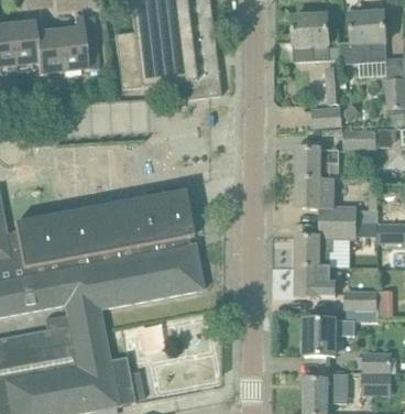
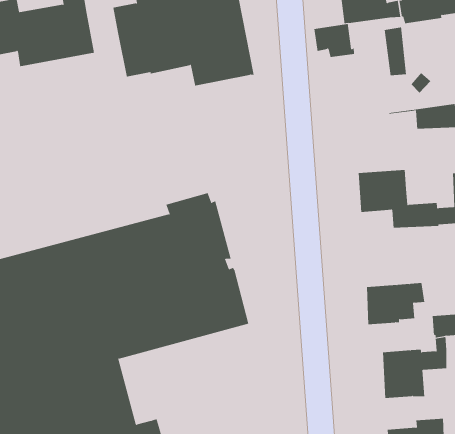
building: [313,107,343,132] -> [314,24,355,57]
building: [296,148,339,178] -> none
building: [296,222,357,266] -> none

